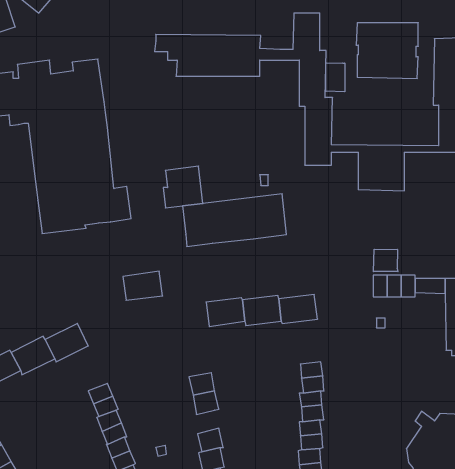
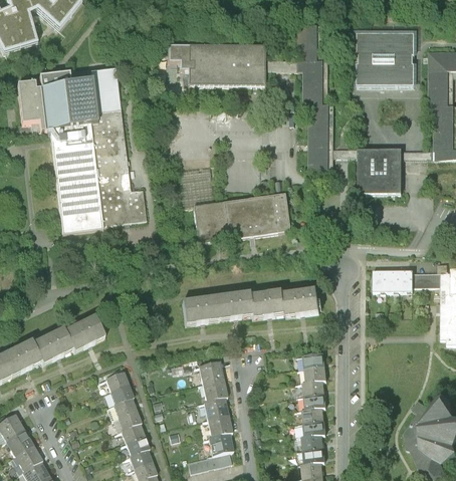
building: [326,63,345,92] -> none
building: [373,249,398,272] -> none
building: [123,271,163,300] -> [181,295,218,322]
building: none -> [203,397,227,419]

